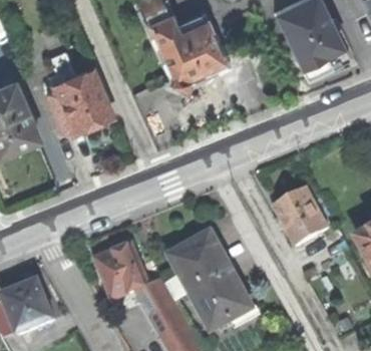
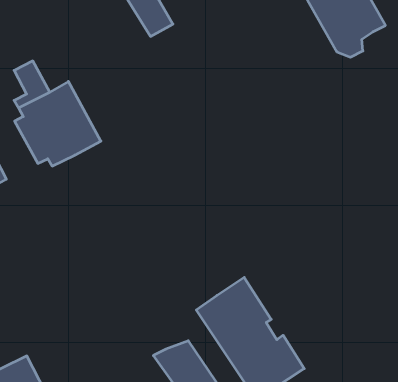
building: [157,21,224,89] -> none
building: [276,186,328,241] -> none
building: [98,243,148,297] -> none

